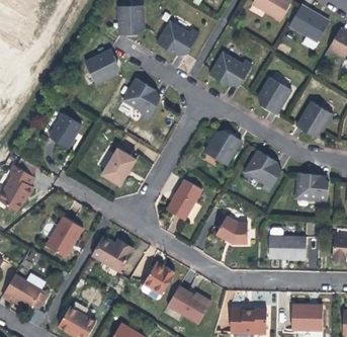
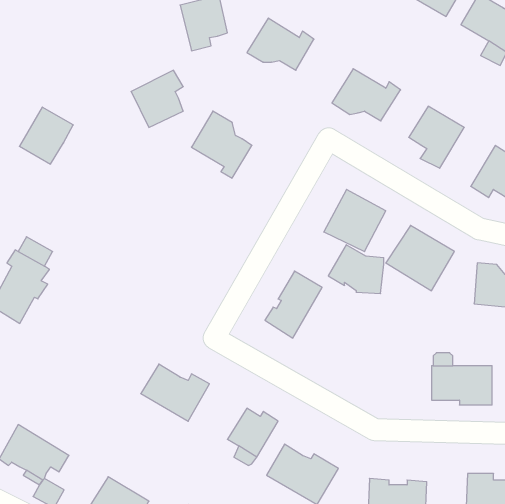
building: [49,113,82,149] -> [19,107,73,164]
building: [101,147,137,184] -> none
building: [216,215,251,245] -> [328,245,384,294]
building: [46,216,83,257] -> none

